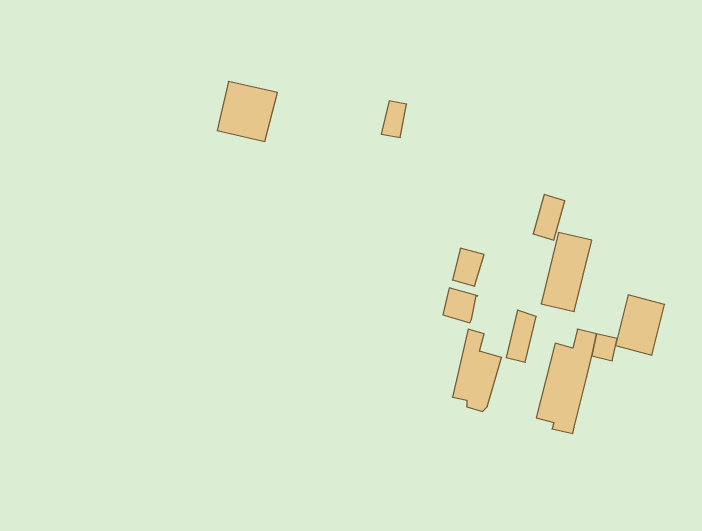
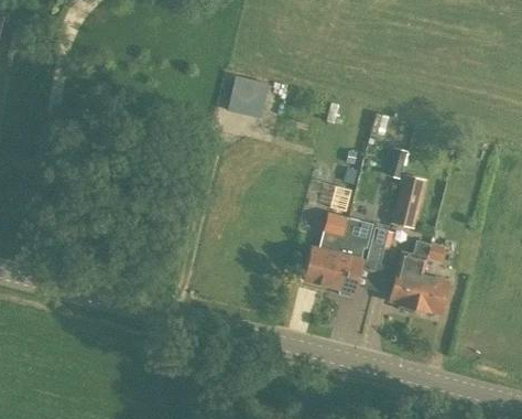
building: [217,81,277,142] -> [228,75,270,117]
building: [616,295,665,355] -> [415,272,449,314]
building: none -> [304,237,341,287]

